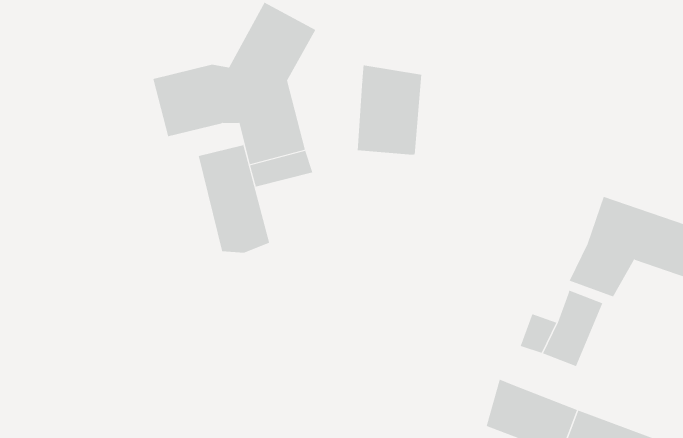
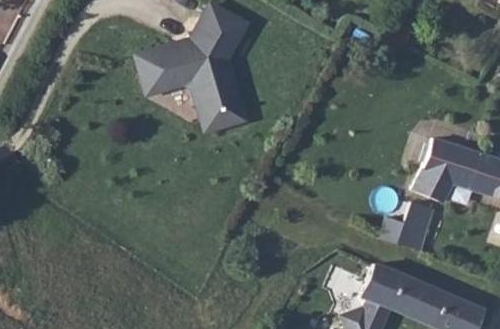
building: [357,65,422,156] -> none
building: [198,143,270,253] -> none

